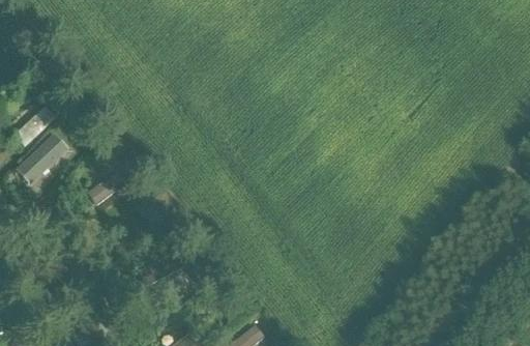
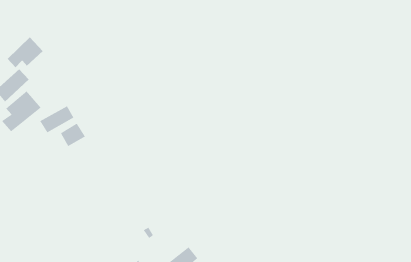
building: none -> [7,36,43,68]
building: none -> [39,106,74,133]

